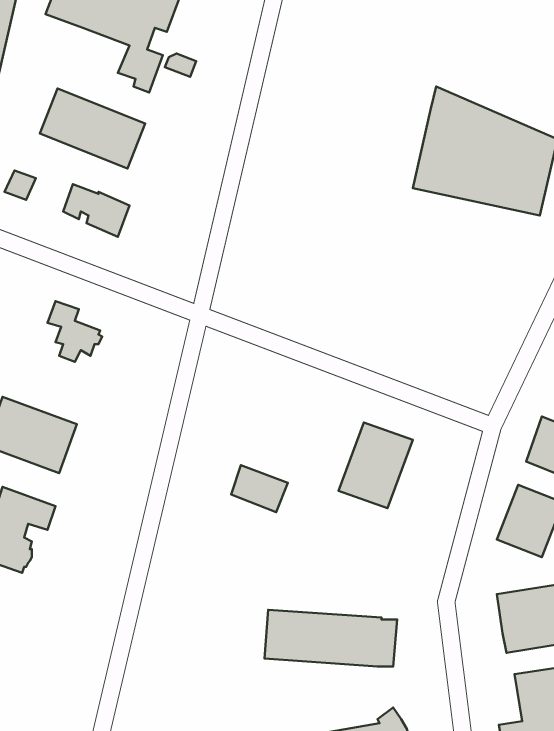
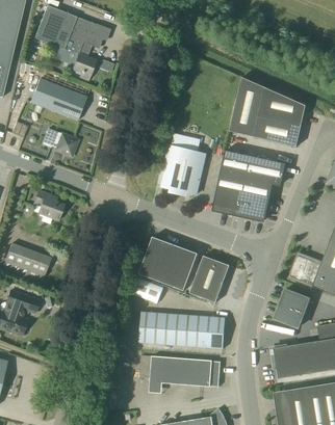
building: none -> [157,143,205,196]
building: none -> [212,150,284,220]
building: none -> [139,237,195,289]
building: none -> [138,311,225,348]

